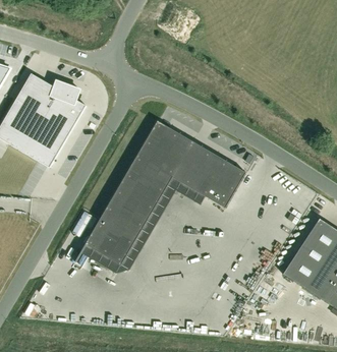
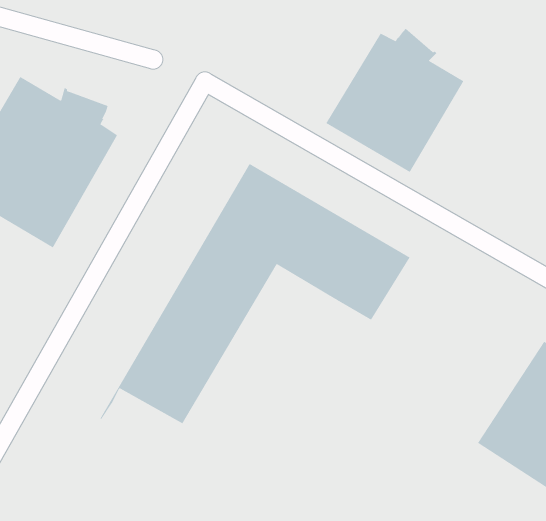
building: none -> [326,28,464,173]

